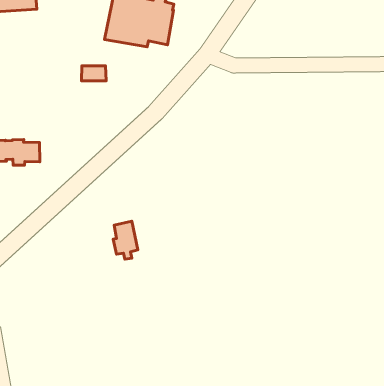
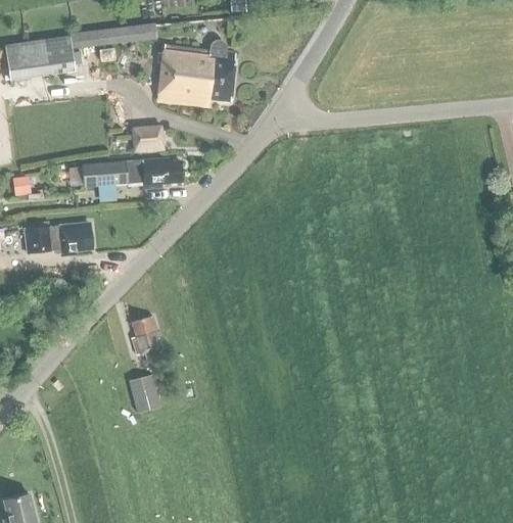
building: none -> [82,157,182,188]
building: [113,221,138,259] -> [132,315,161,360]
building: none -> [129,374,159,412]

